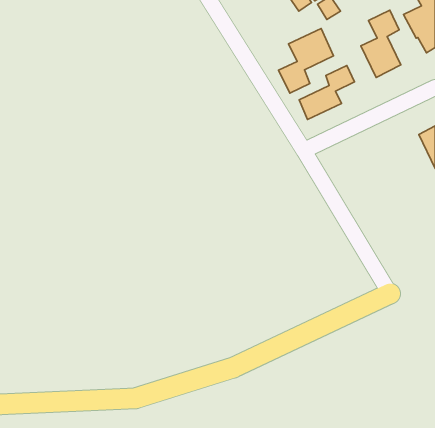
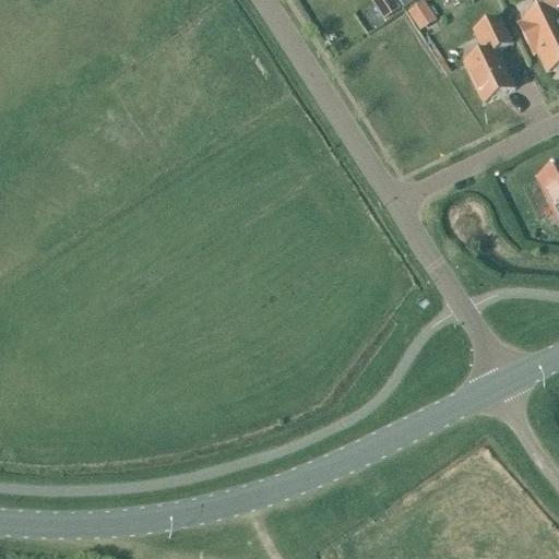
building: [279,28,333,93] -> none
building: [299,66,355,119] -> none

